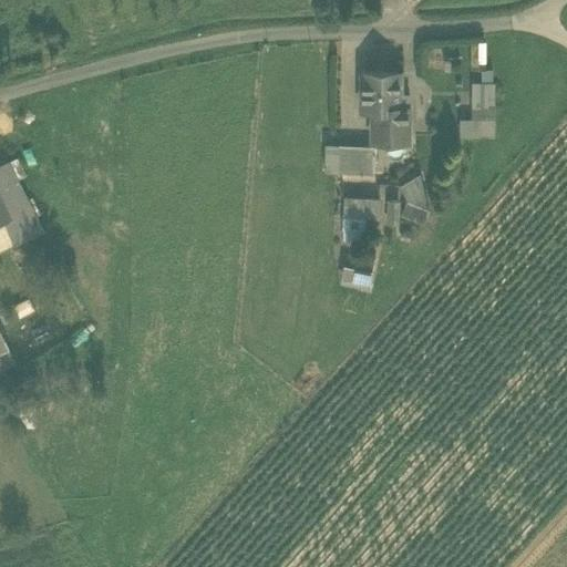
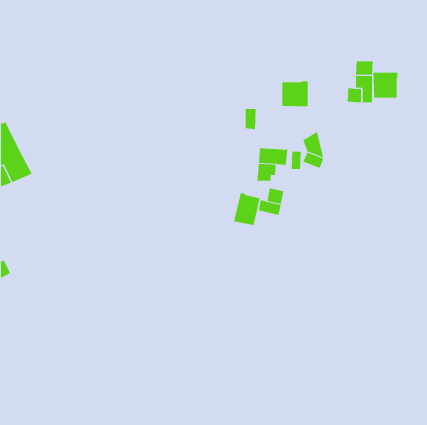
building: [363,75,400,111] -> none
building: none -> [373,72,398,99]
building: [339,146,375,174] -> none
building: none -> [233,192,260,226]

